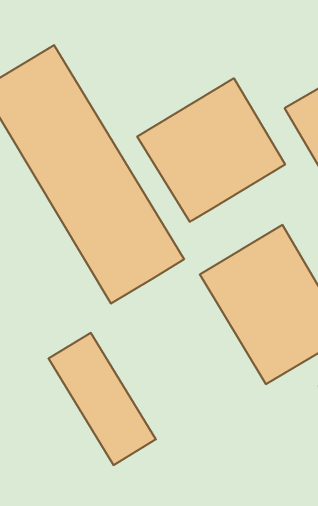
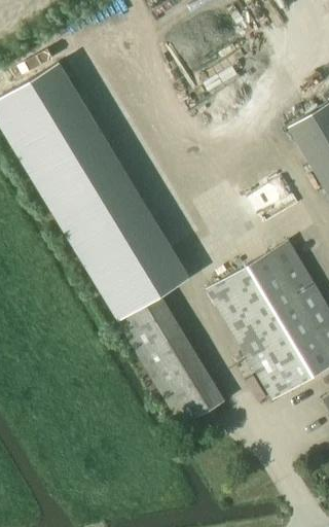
building: [137,78,285,222] -> none
building: [48,333,156,465] -> [117,294,224,426]

